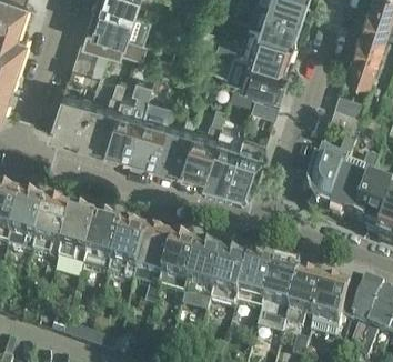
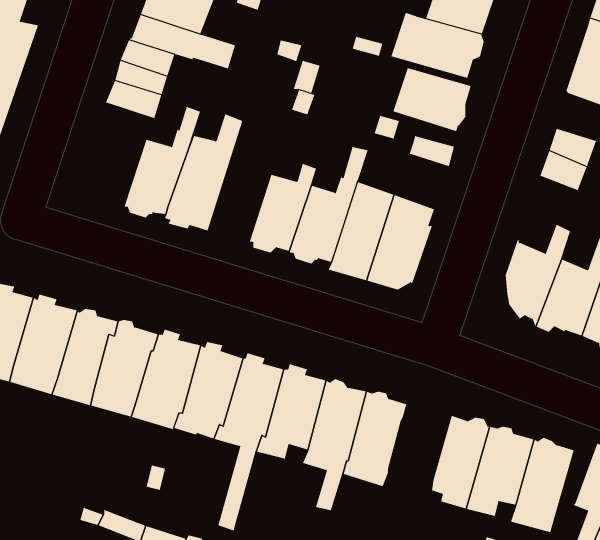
building: [52,91,93,141] -> none
building: [131,97,174,162] -> none
building: [239,258,278,312] -> none

